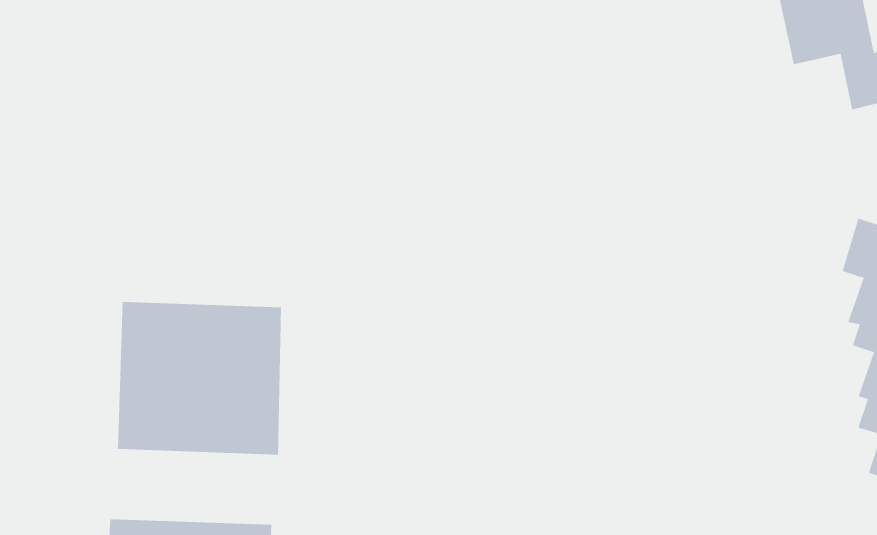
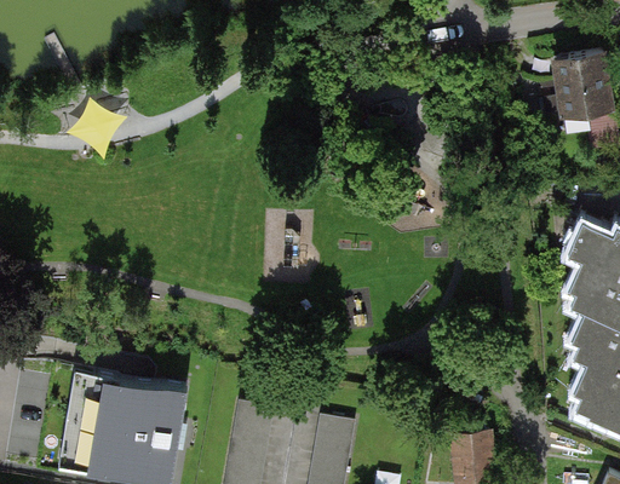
building: [117,301,281,456] -> none

